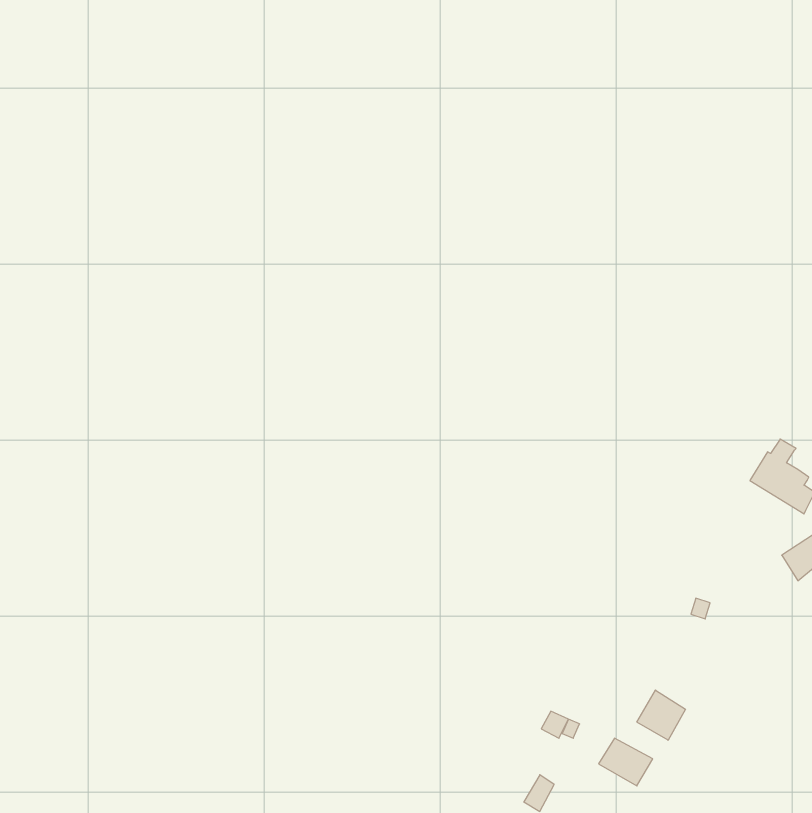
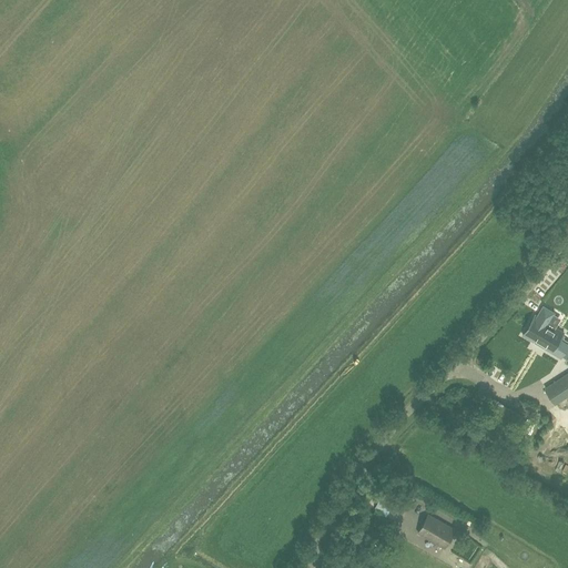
building: [637,690,685,740] -> none

